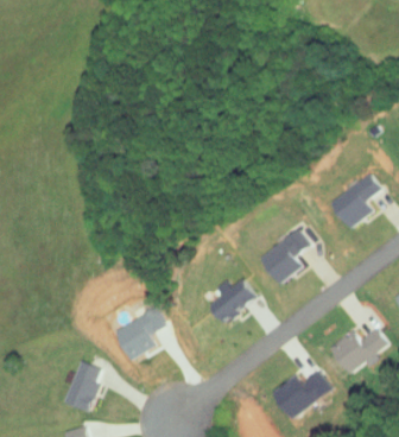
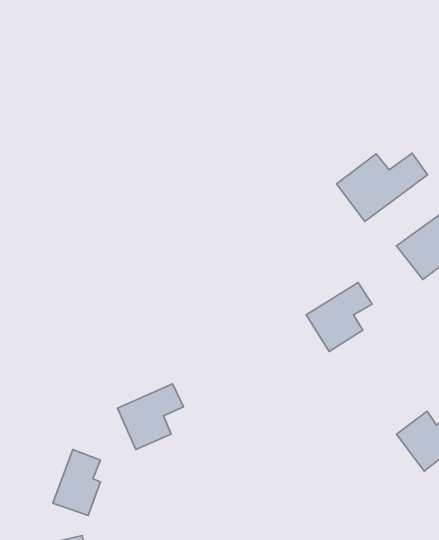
building: none -> [337,153,428,222]
building: [210,278,260,323] -> none
building: [276,373,332,418] -> none

